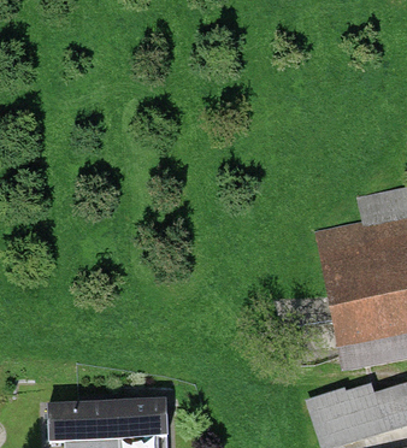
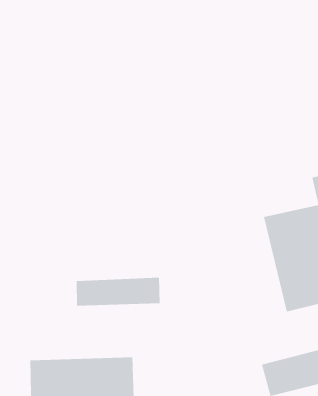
building: none -> [76,277,160,307]

